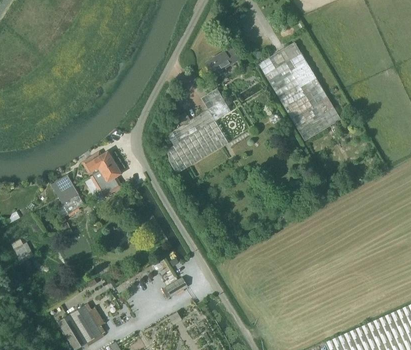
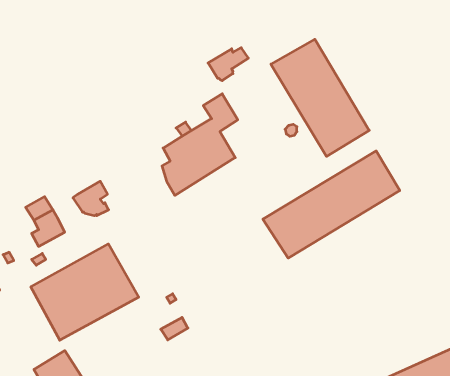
building: none -> [263,151,400,258]
building: [83,151,114,173] -> none
building: none -> [31,244,139,340]

